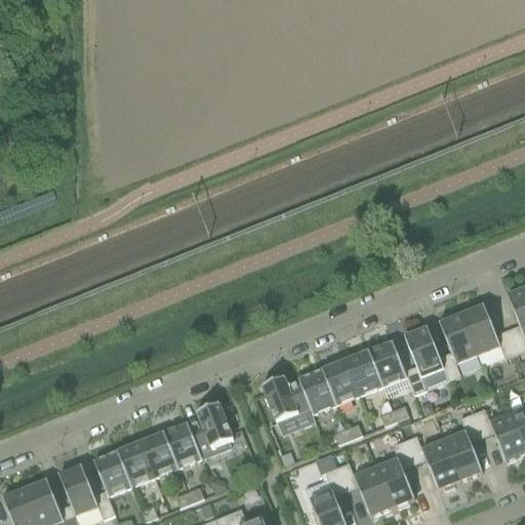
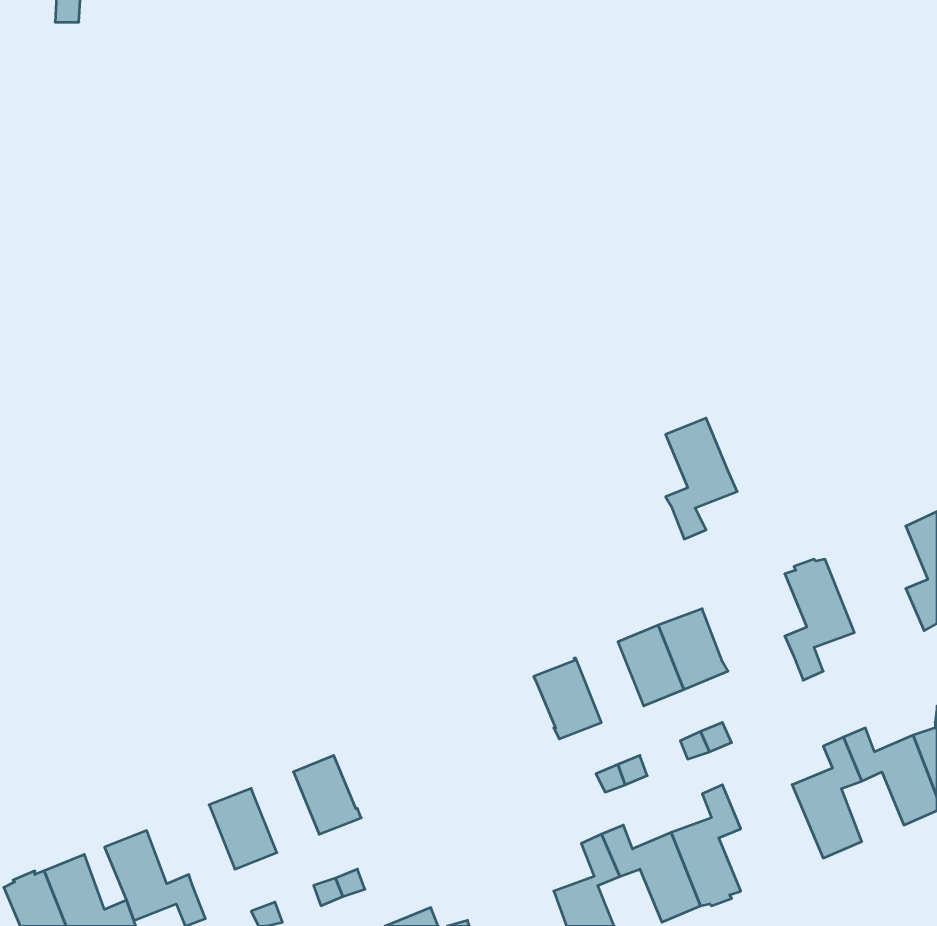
building: [461,304,517,358] -> none
building: [404,326,444,394] -> [666,418,737,539]
building: [322,359,360,404] -> none
building: [261,376,311,422] -> none
building: [188,403,233,457] -> none
building: [140,432,178,477] -> none
building: [404,435,460,489] -> none
building: [93,450,131,495] -> none

